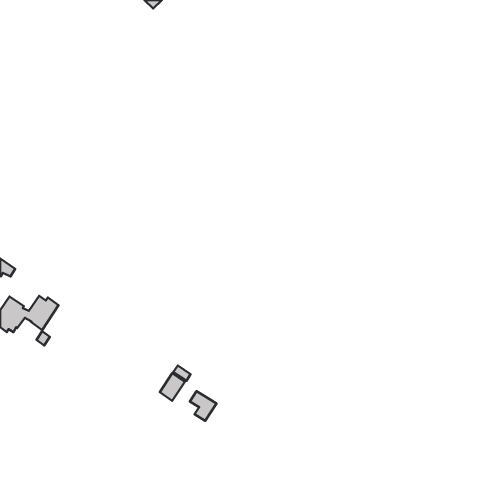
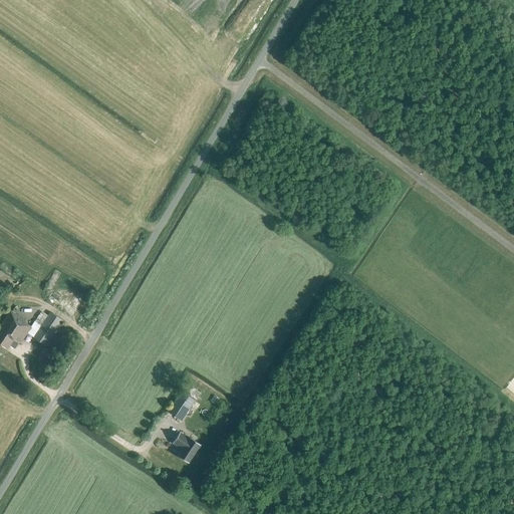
building: [190,391,216,421] -> [173,433,201,464]

